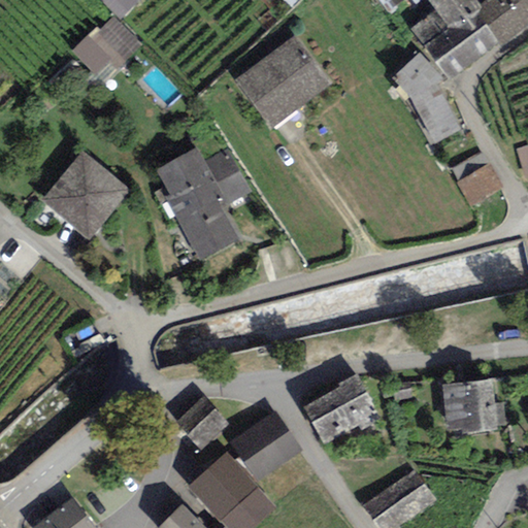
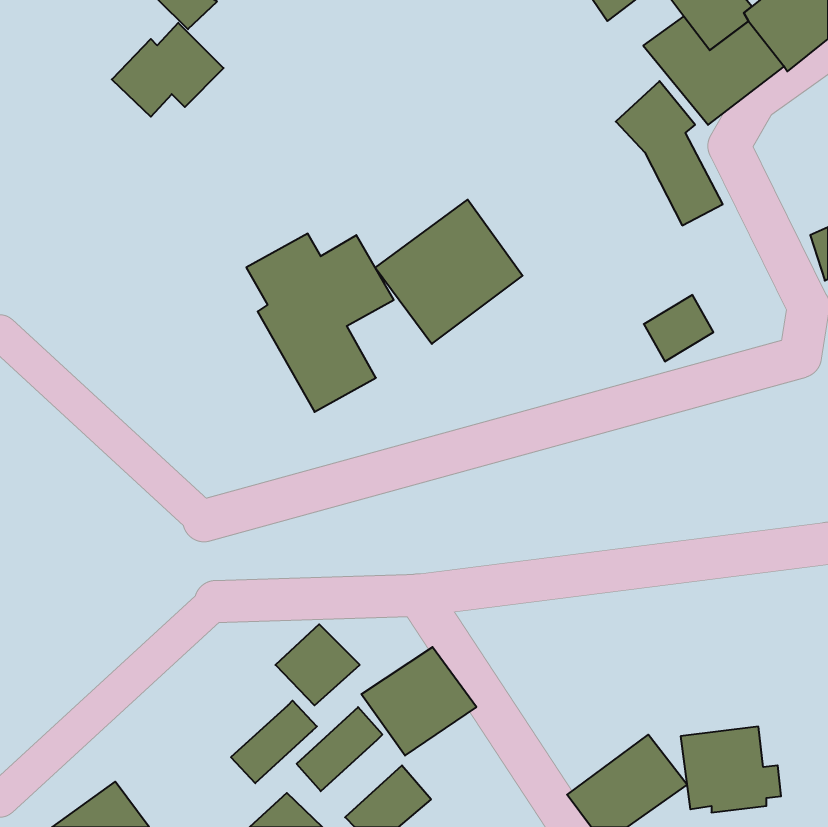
building: [236,36,330,128] -> [375,200,523,344]
building: [42,152,130,239] -> none
building: [458,163,502,205] -> [644,295,713,361]
building: [303,373,378,443] -> none
building: [441,378,505,433] -> [681,727,781,812]
building: [204,467,259,520] -> [231,701,317,783]

